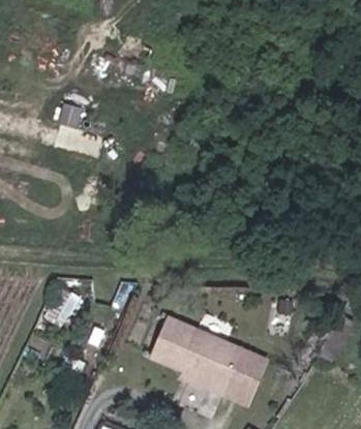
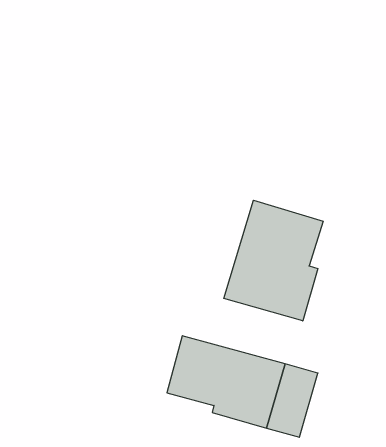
building: none -> [224,200,323,321]

